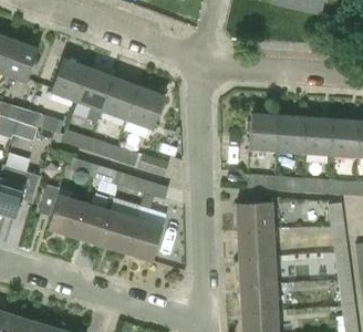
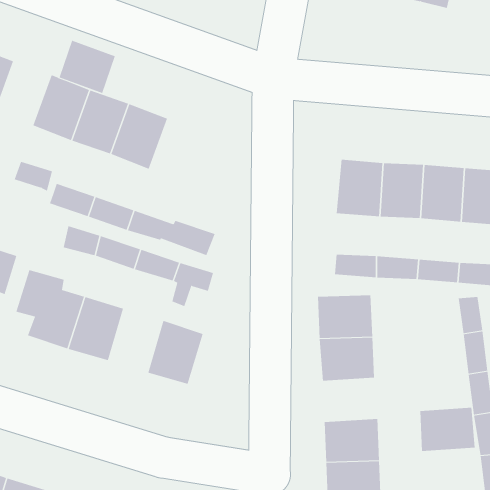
building: none -> [59,40,116,94]
building: [126,86,165,129] -> none
building: [100,210,135,252] -> none
building: [239,256,276,284] -> [420,407,475,451]

